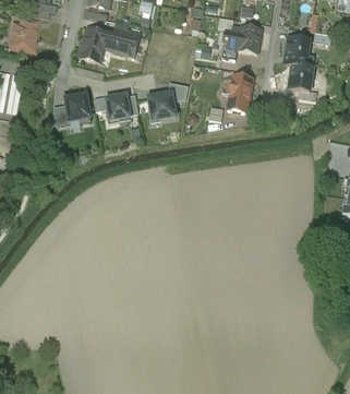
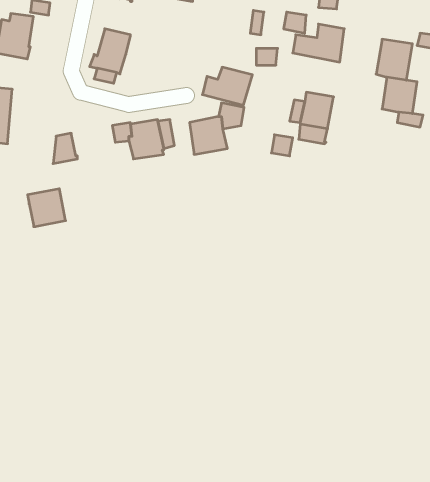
building: [104,27,140,55] -> [202,67,252,105]
building: [63,93,90,120] -> [28,189,66,227]

